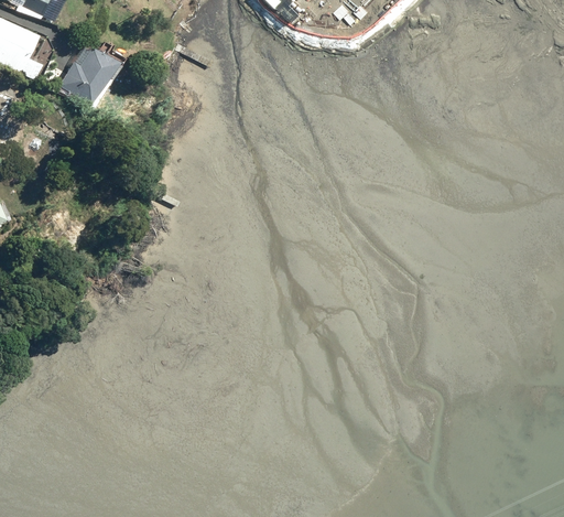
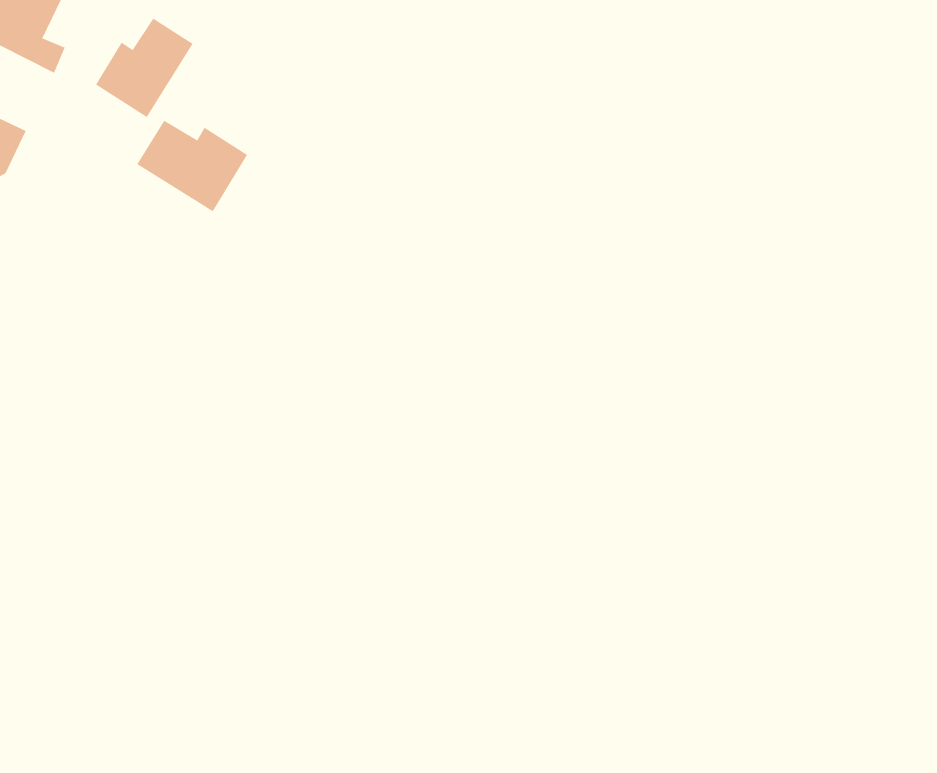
building: none -> [137,120,248,212]

